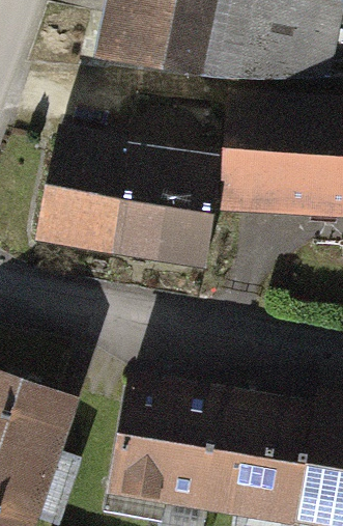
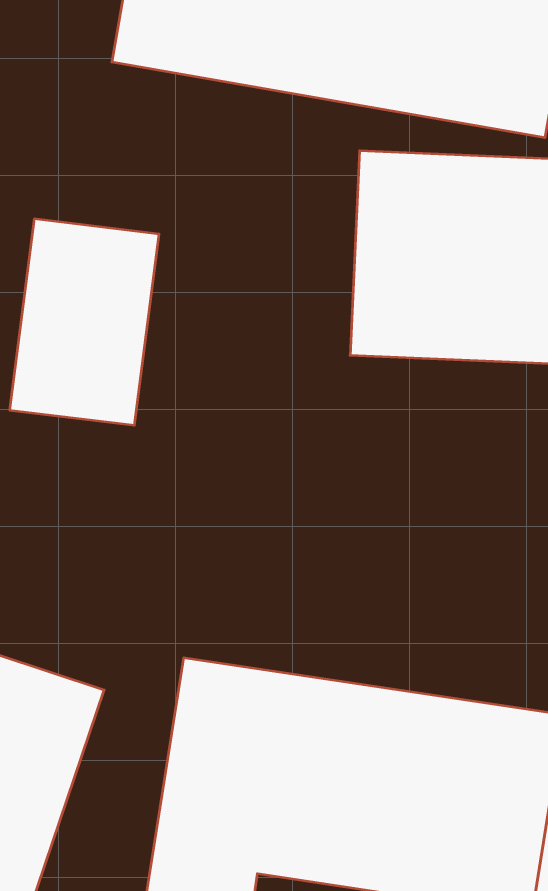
building: [101,147,202,264] -> none

